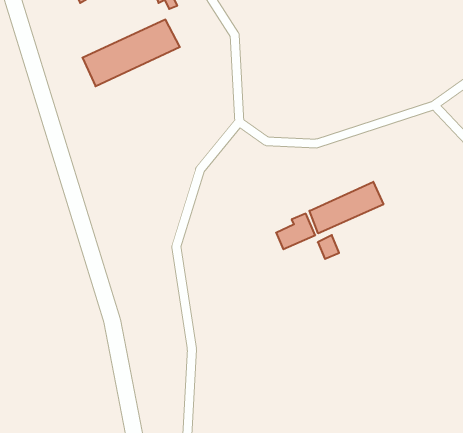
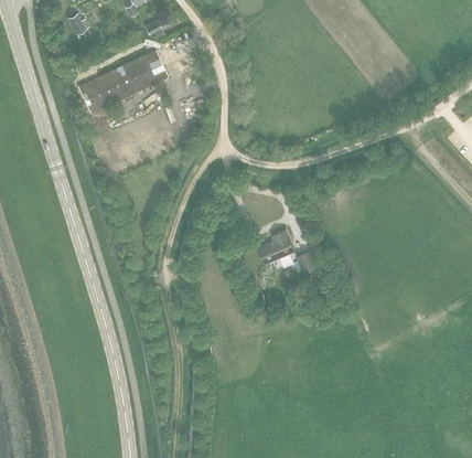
building: [309,182,383,233] -> none

